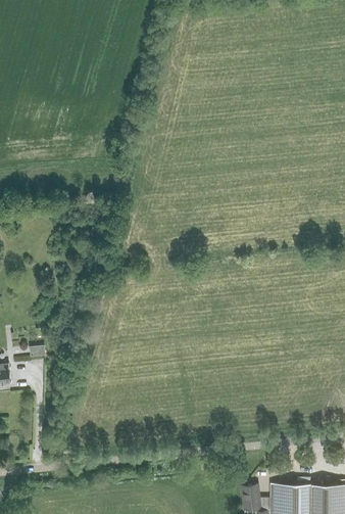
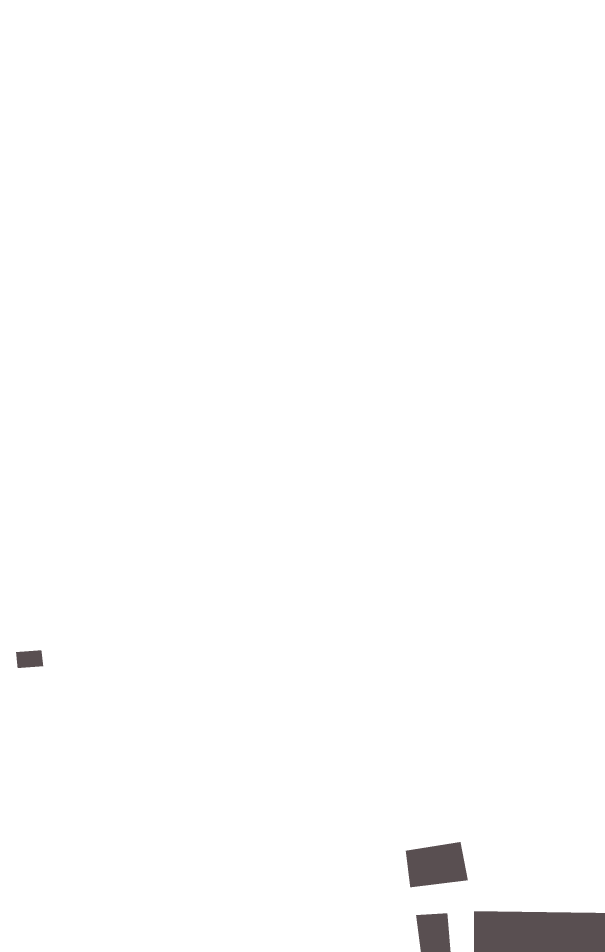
building: none -> [405,841,469,888]

